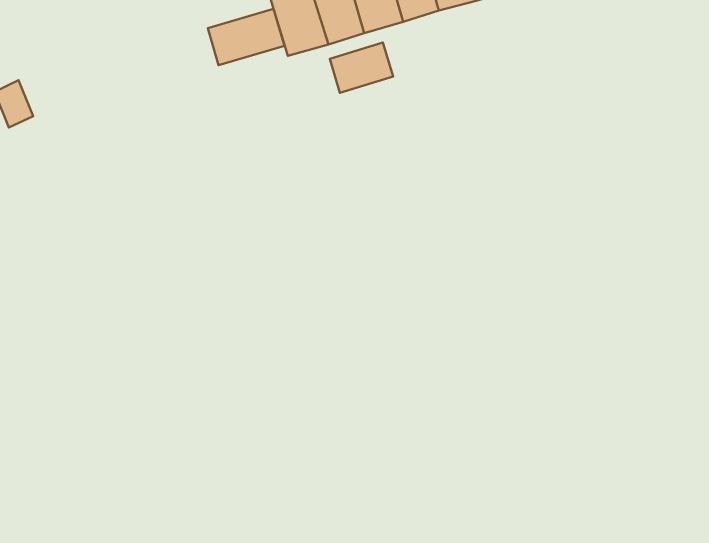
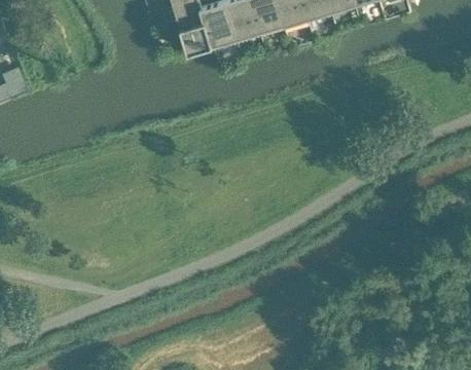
building: [208,9,284,65] -> none
building: [330,43,393,93] -> none

